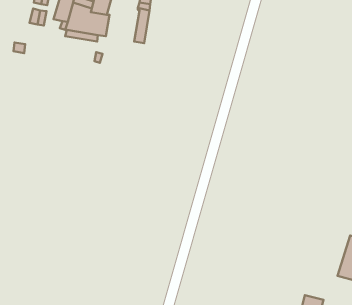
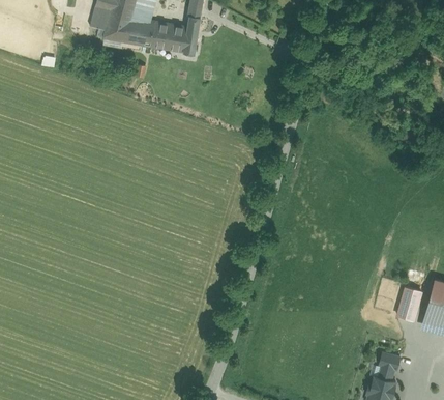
building: none -> [150,22,187,53]
building: none -> [397,284,423,319]

